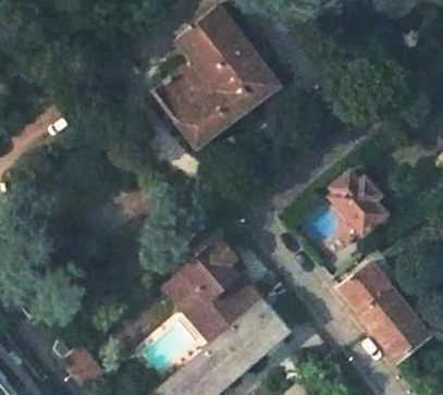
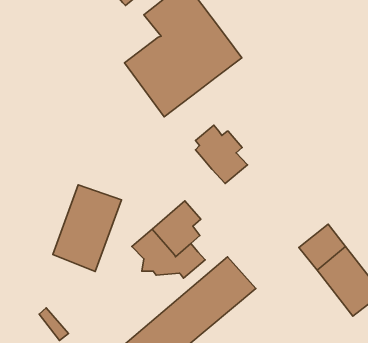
building: [331,172,386,234] -> [195,125,247,183]
building: none -> [53,185,121,271]

